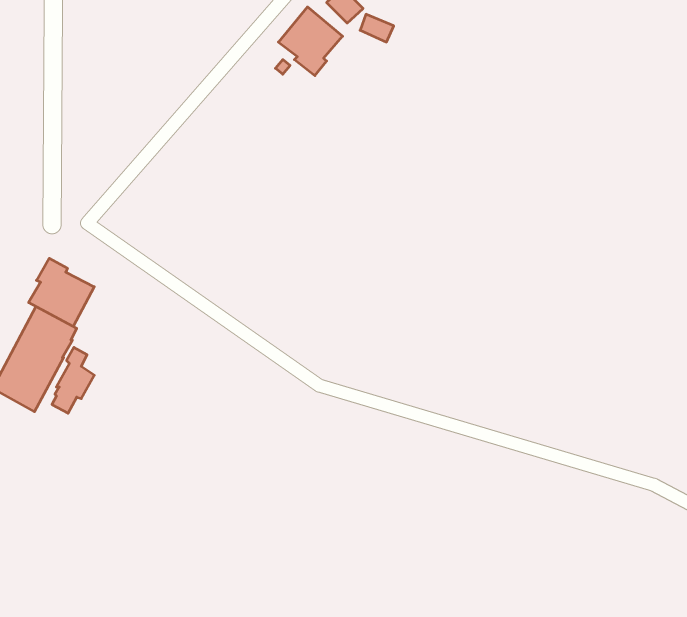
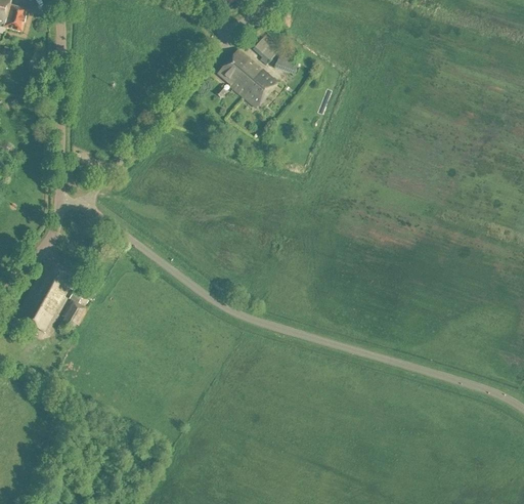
building: none -> [243,70,277,109]
building: [29,258,94,326] -> none

